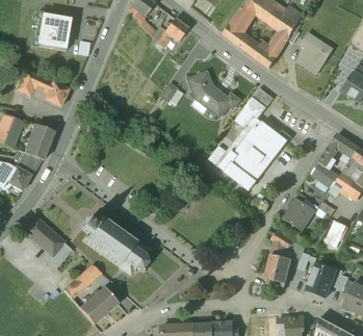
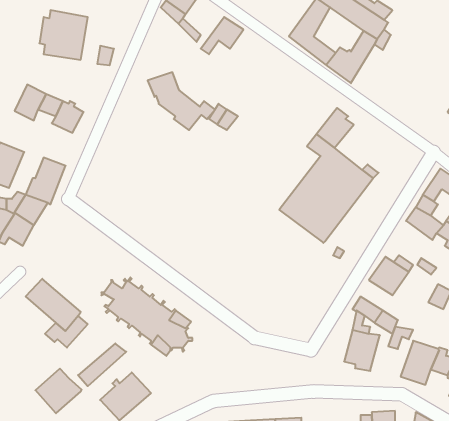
building: [295,31,328,74] -> none
building: [188,73,239,117] -> [148,72,215,130]
building: none -> [35,369,82,413]

